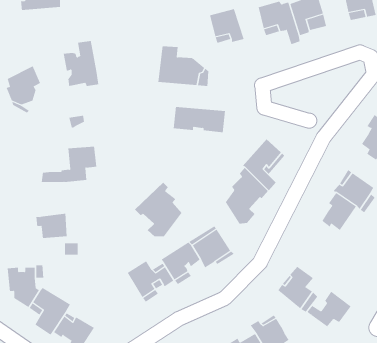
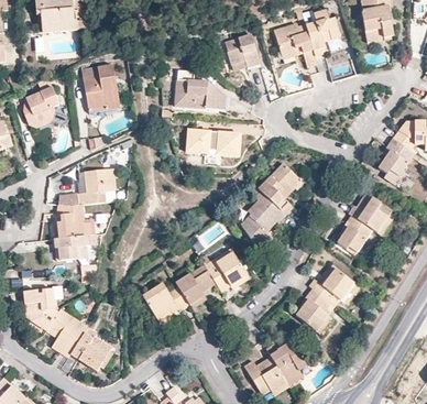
building: [134,182,182,237] -> none
building: none -> [56,205,84,239]
building: [306,291,352,327] -> [310,264,355,301]

